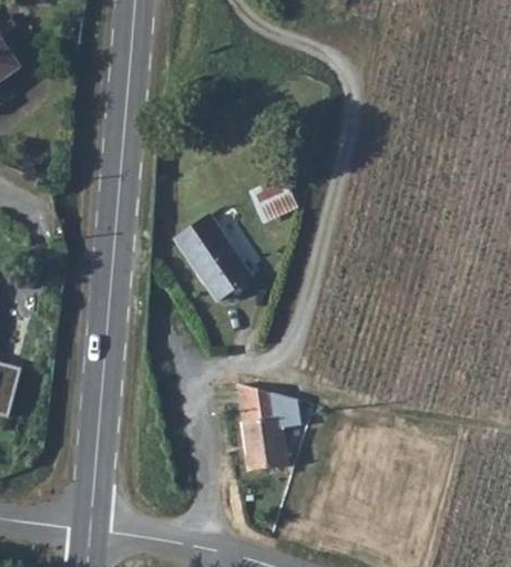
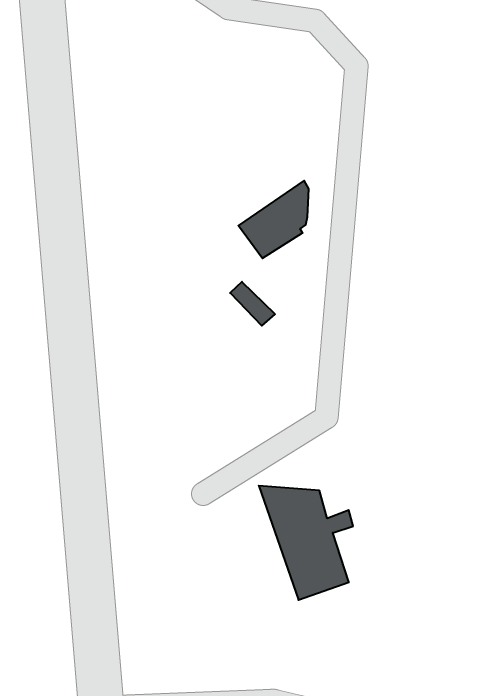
building: [176,216,252,301] -> none

